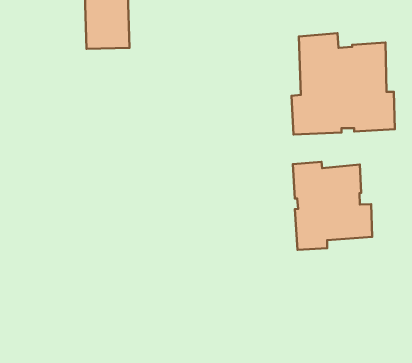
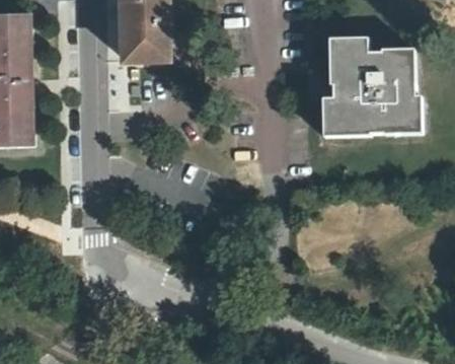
building: [293,162,372,250] -> none

